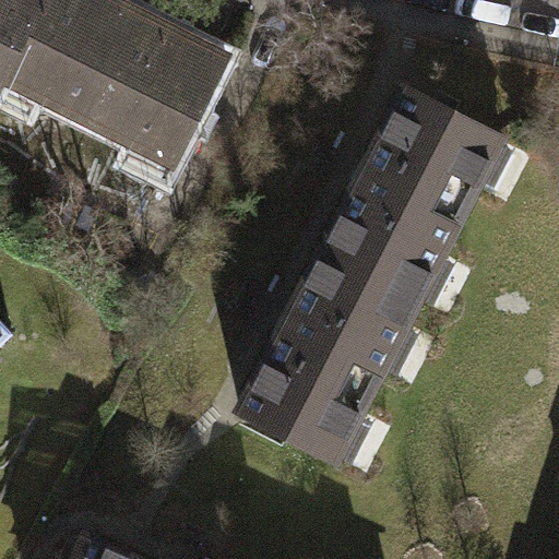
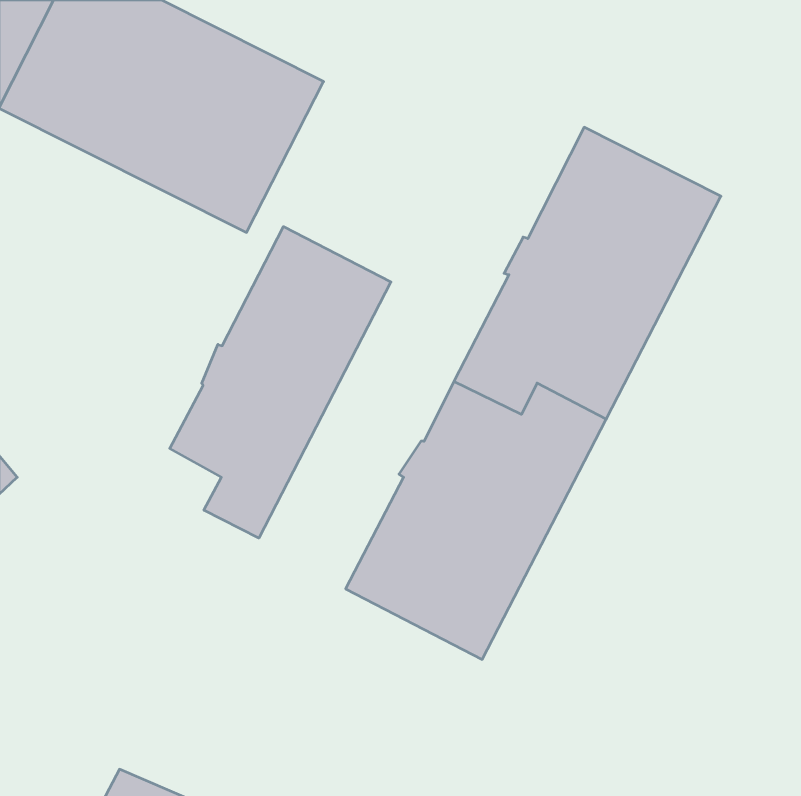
building: none -> [170,227,391,538]

